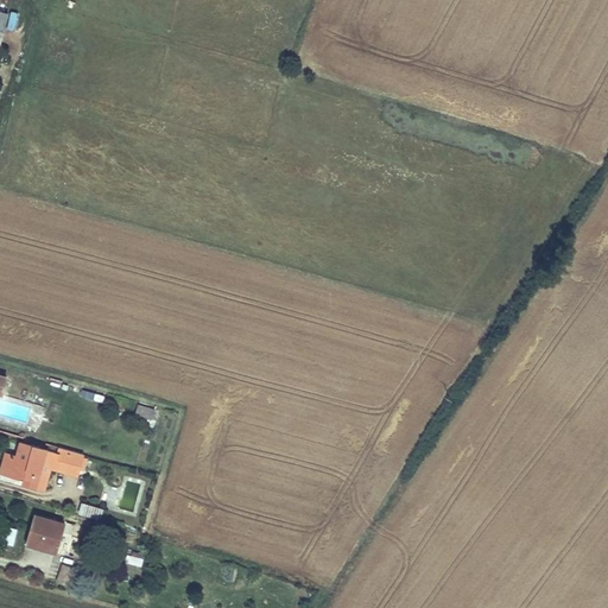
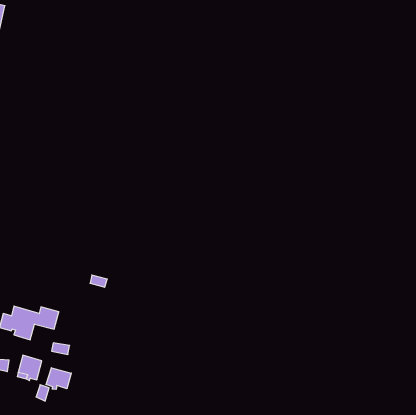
building: none -> [46,368,71,389]

